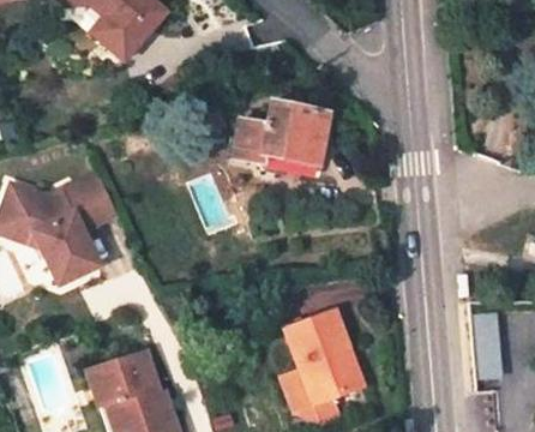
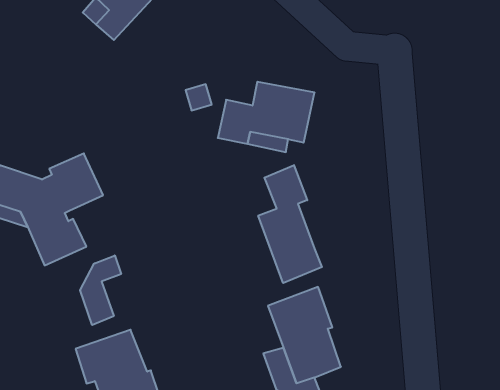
building: none -> [258,165,322,283]
building: none -> [80,255,121,325]
building: [474,311,501,379] -> none

